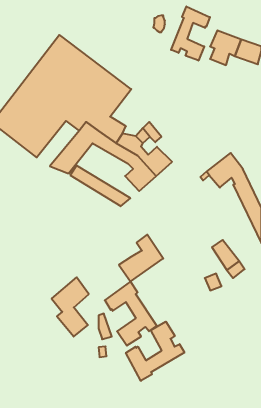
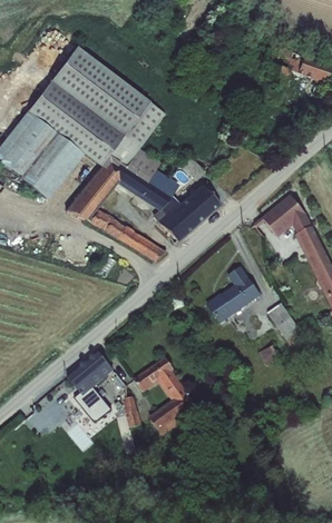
building: [171,6,210,61] -> none
building: [119,235,163,282] -> [206,265,262,324]
building: [126,322,184,381] -> none

